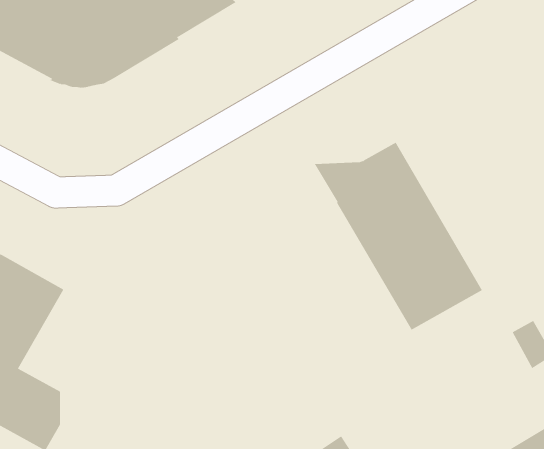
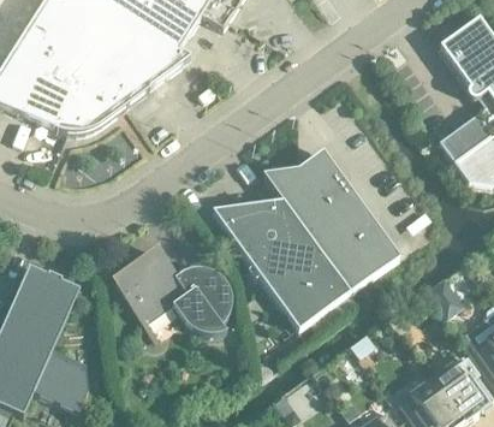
building: none -> [210,194,347,331]
building: none -> [114,250,231,334]

